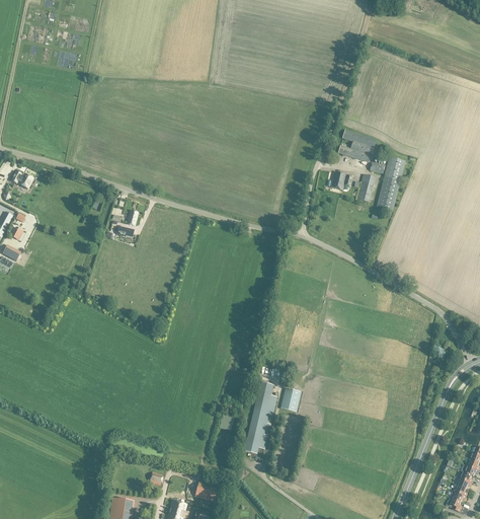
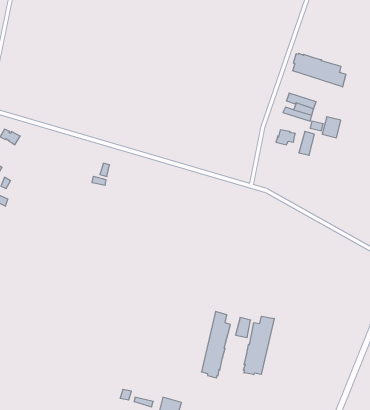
building: none -> [293,53,346,87]
building: [377,176,400,211] -> none
building: none -> [243,316,274,375]

